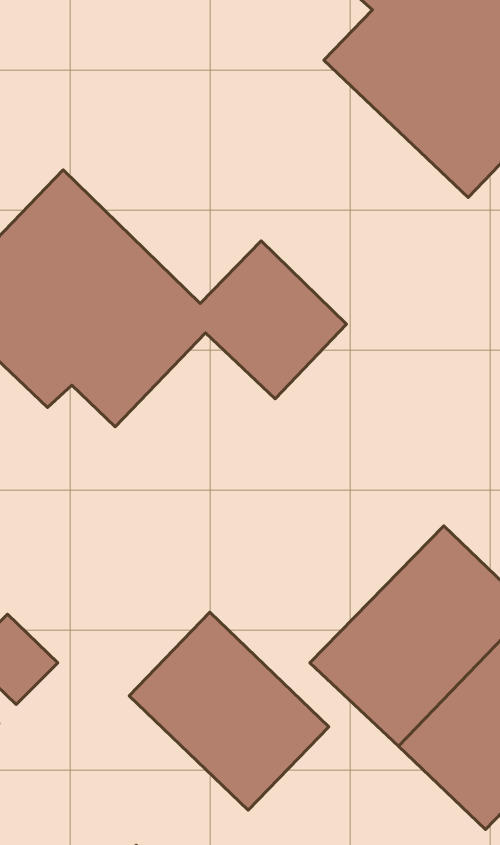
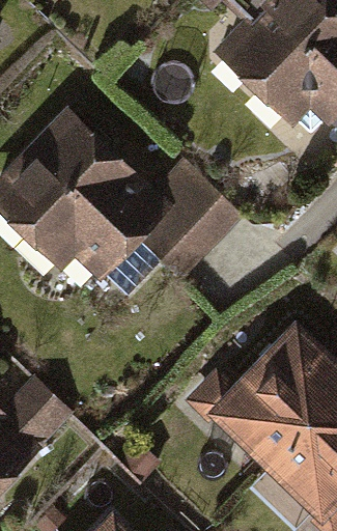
building: [129,612,329,810] -> none

